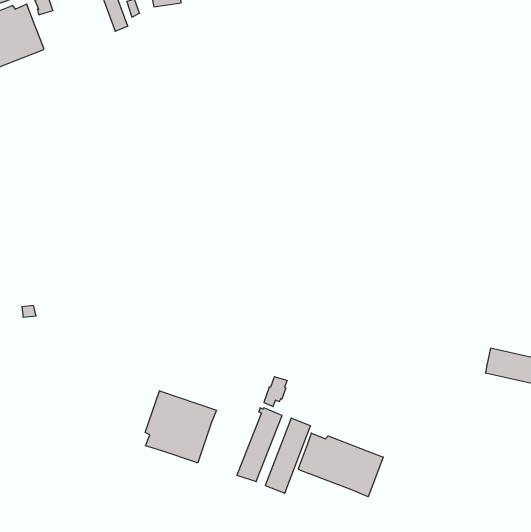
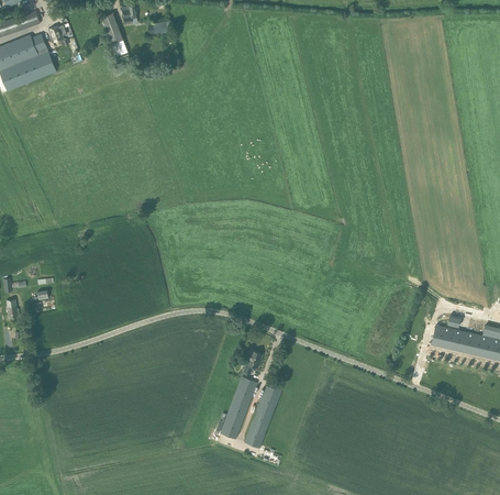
building: [145,391,217,463] -> none
building: [299,433,383,497] -> none

